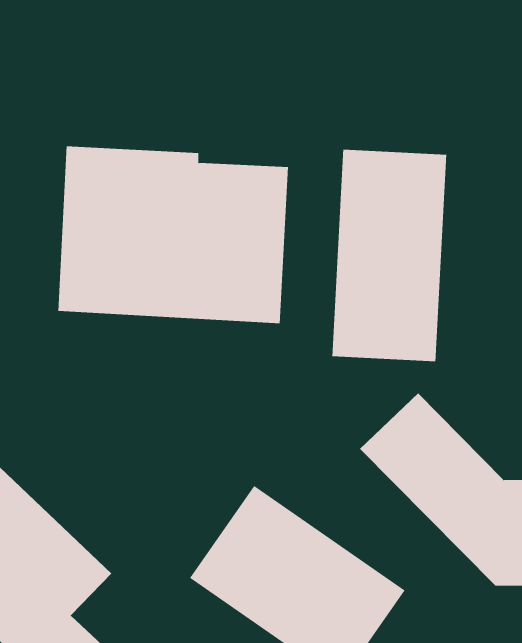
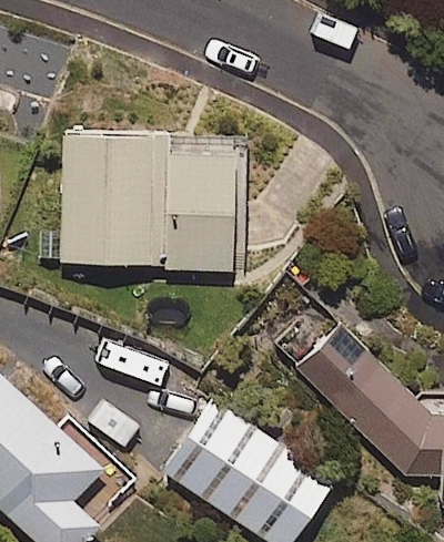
building: [332,149,447,362] -> none

